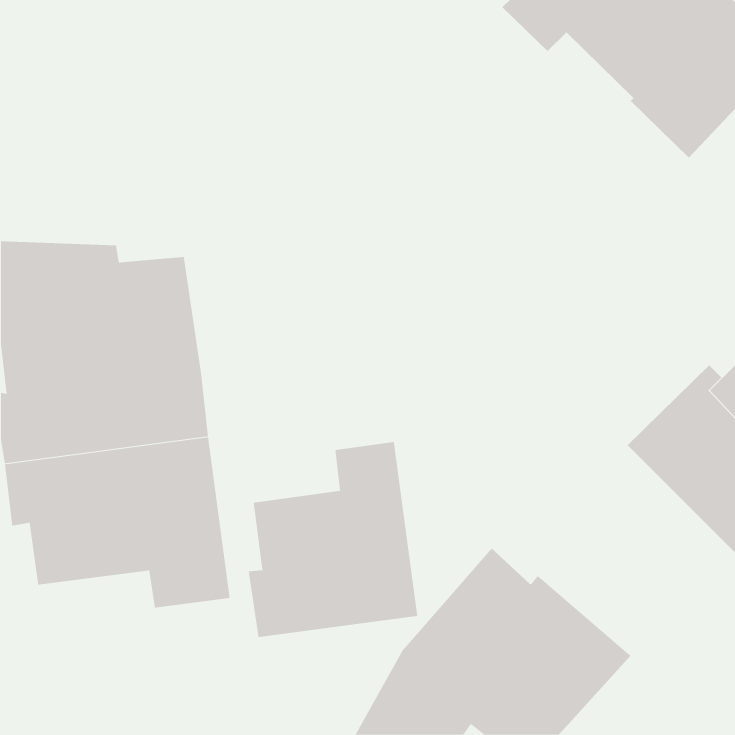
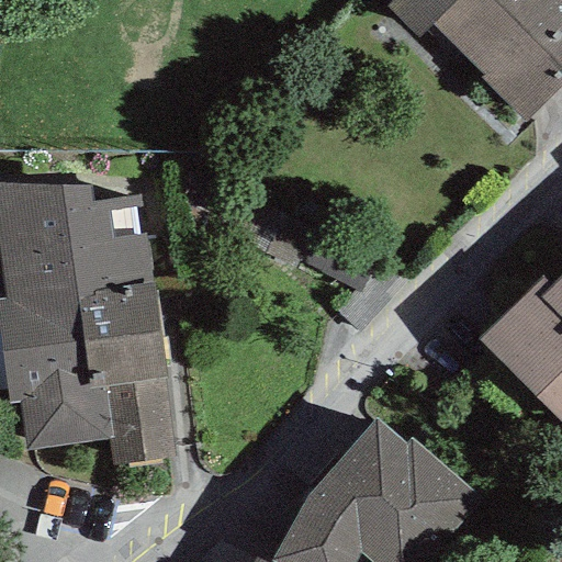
building: [248,441,418,638] -> none

